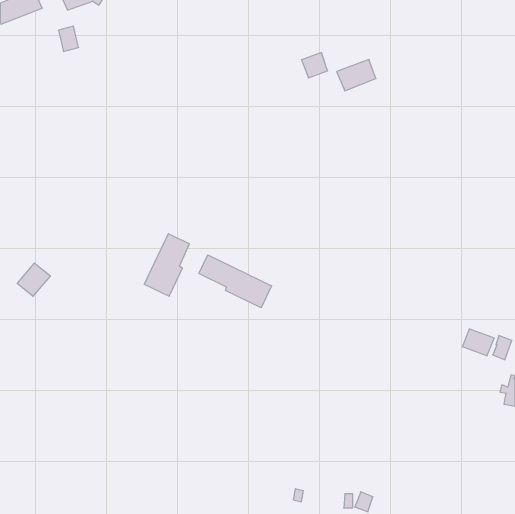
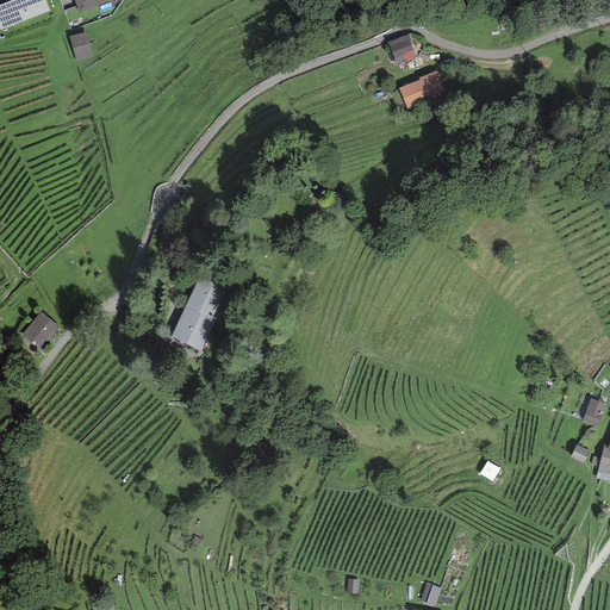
building: [301,53,328,78] -> [387,32,418,62]
building: [199,255,272,308] -> none
building: [462,329,494,356] -> none

